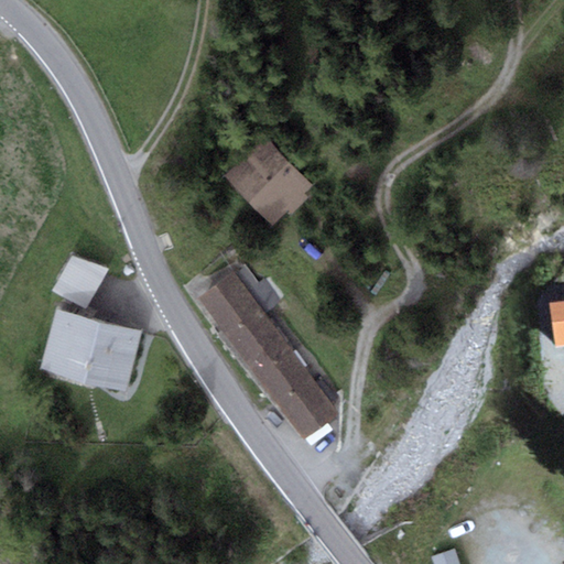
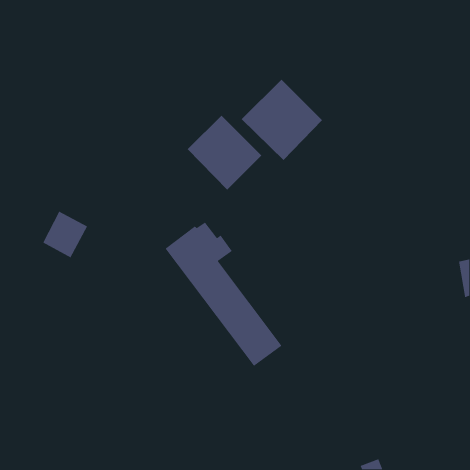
building: none -> [241,79,323,161]
building: [40,310,141,391] -> none

